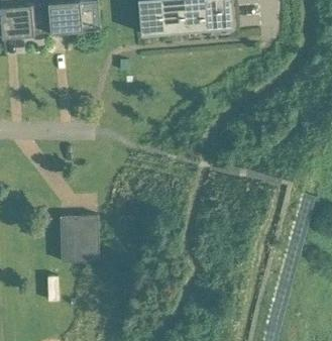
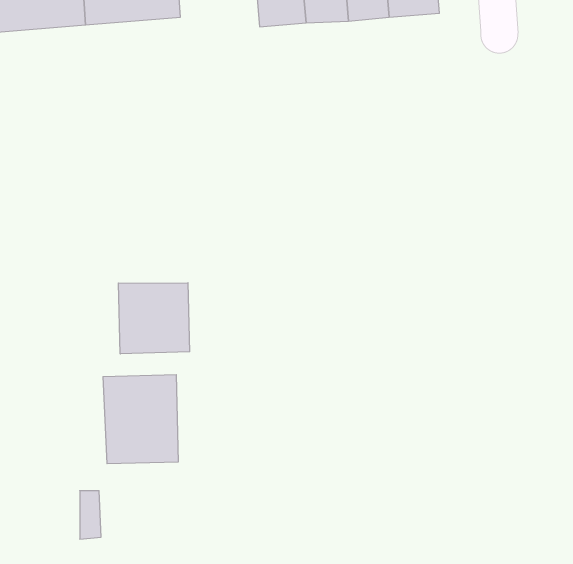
building: none -> [118,283,190,354]

